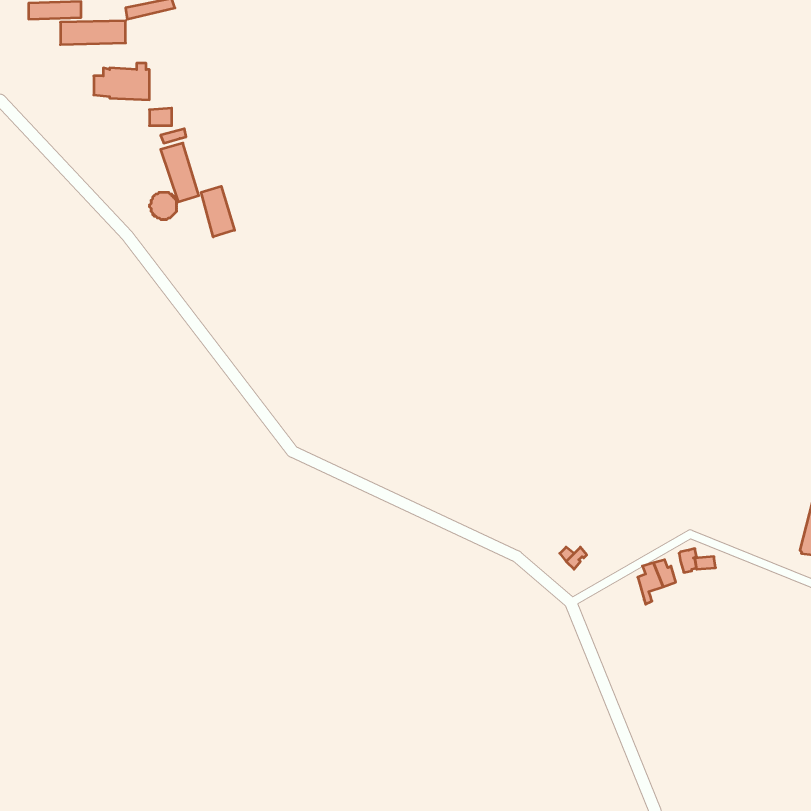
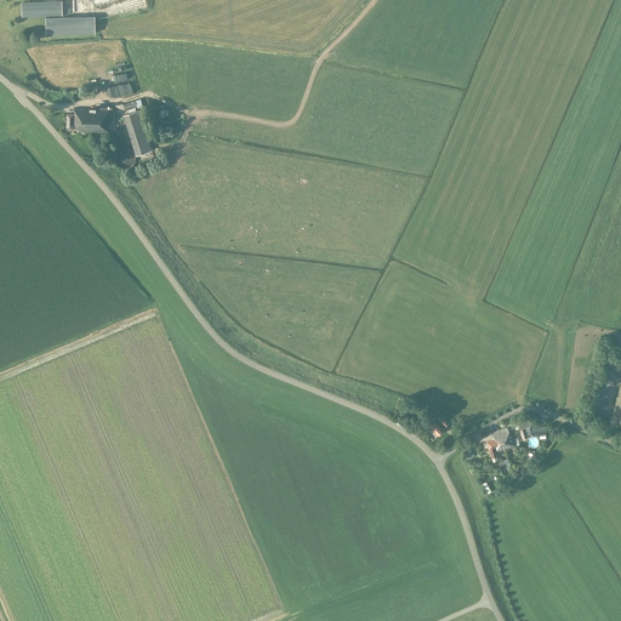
building: [94,63,149,100] -> [68,103,110,131]
building: [201,186,235,237] -> none

